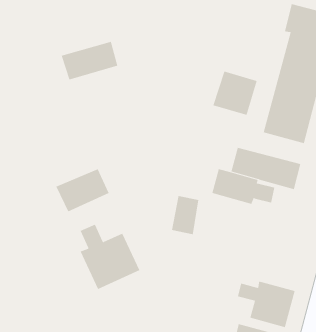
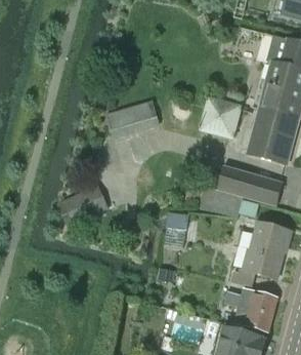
building: [61,41,118,80] -> [107,100,160,135]
building: none -> [232,222,290,284]
building: [80,224,140,290] -> none

